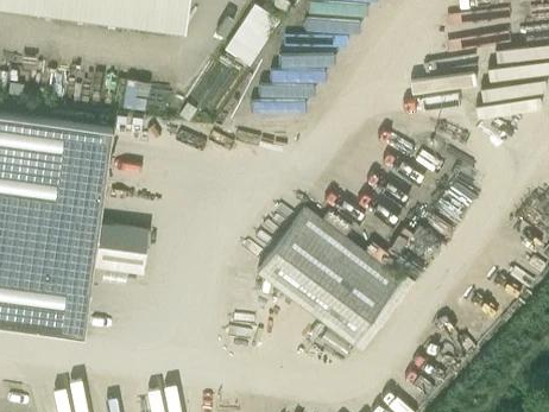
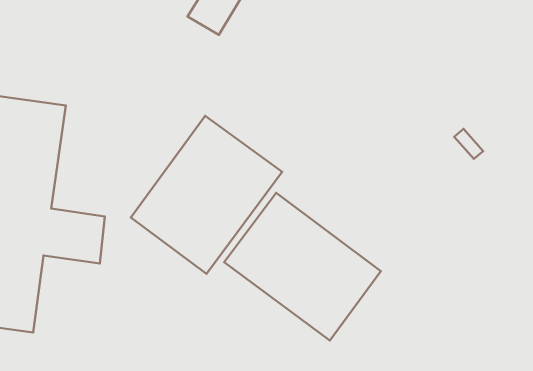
building: none -> [131,116,282,274]

